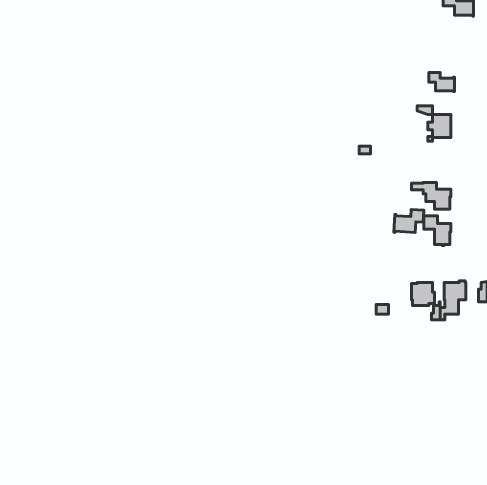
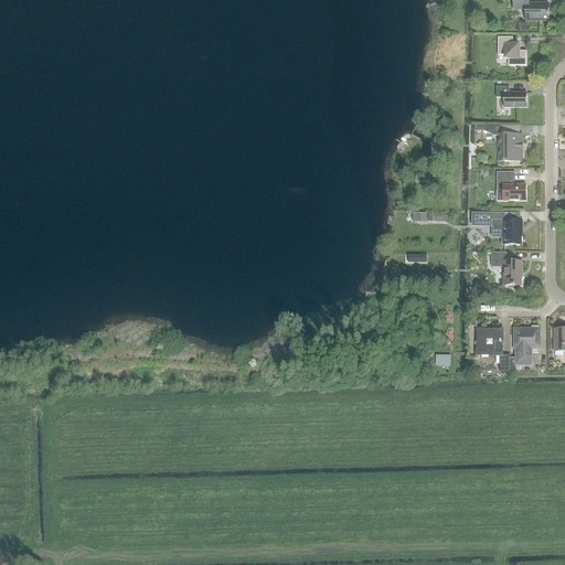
building: none -> [497,34,525,63]
building: none -> [495,170,525,199]
building: [394,210,424,232] -> none

